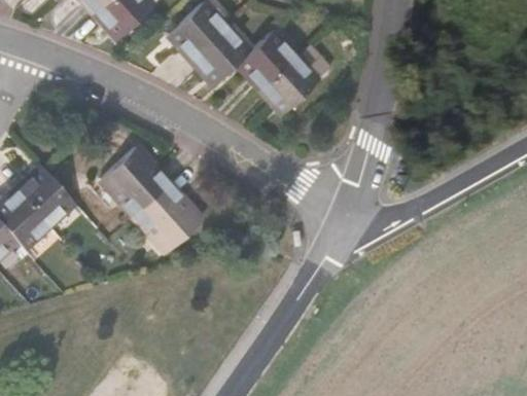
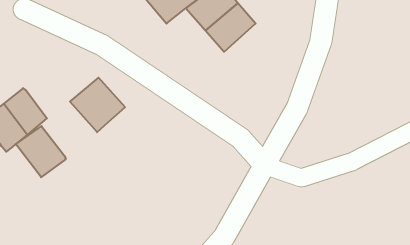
building: [138,179,206,246] -> none
building: none -> [16,126,66,177]

